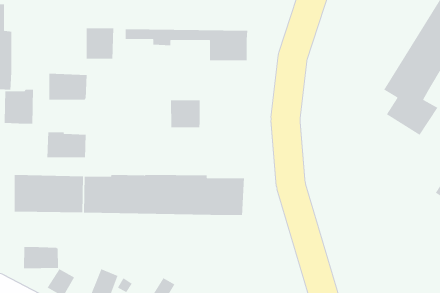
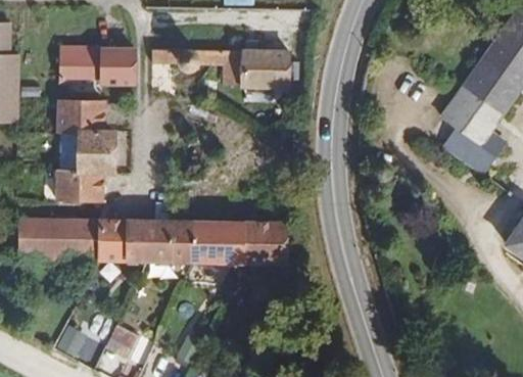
building: none -> [58,48,101,77]
building: [4,89,34,124] -> [77,131,111,172]
building: [170,99,201,128] -> none
building: [23,246,59,269] -> none

